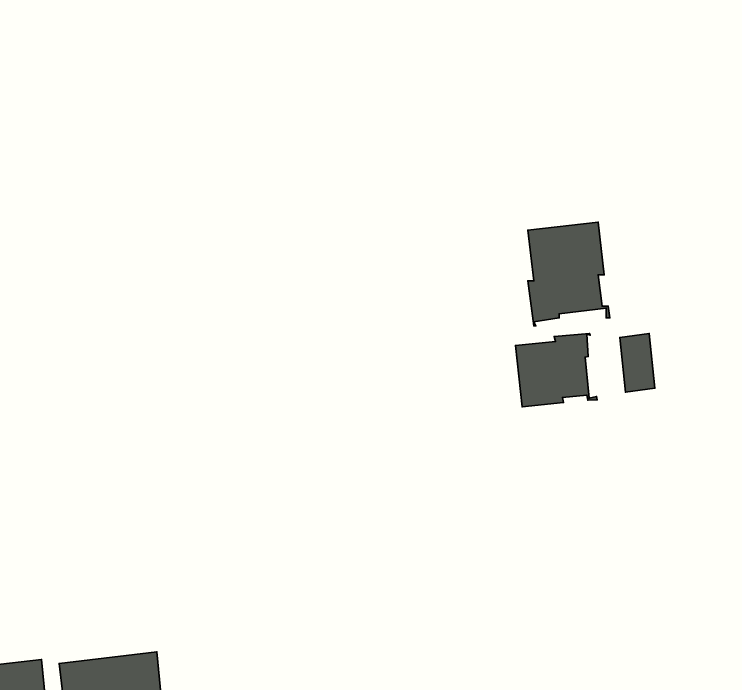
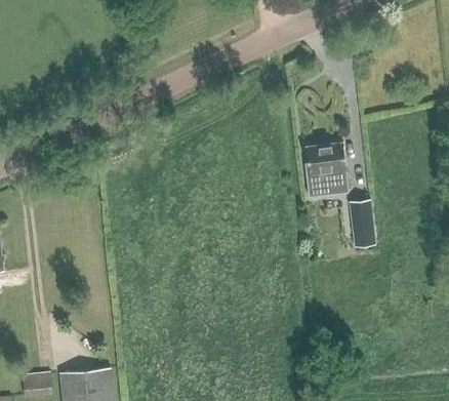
building: [516,333,597,407] -> none

